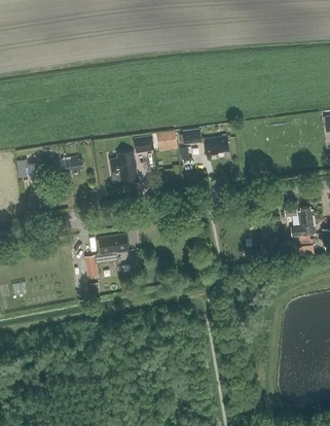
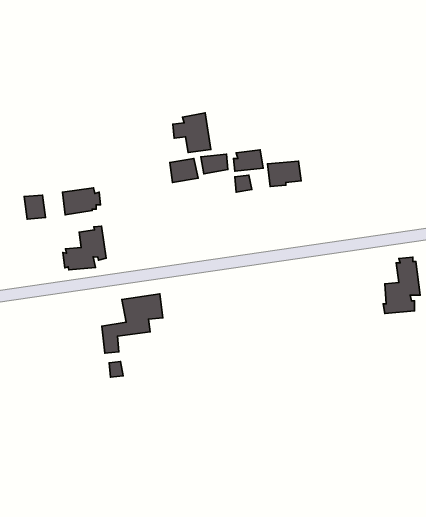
building: [109,151,137,180] -> [173,113,211,152]
building: none -> [63,226,106,270]

